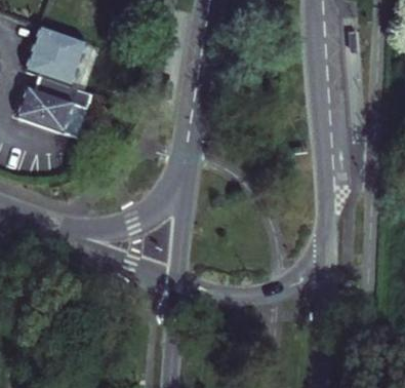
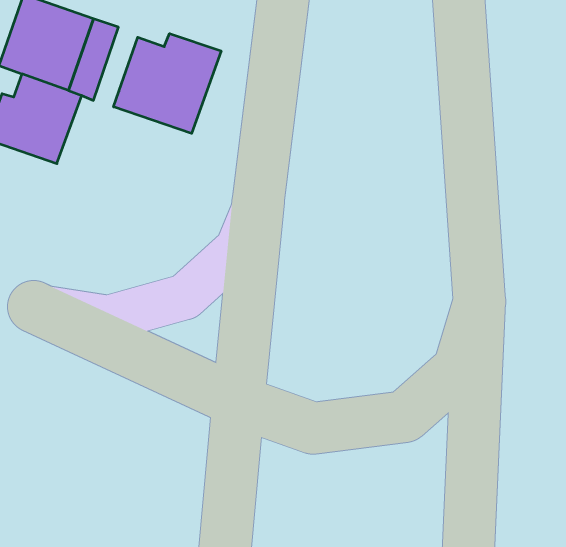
building: none -> [114,34,221,133]

